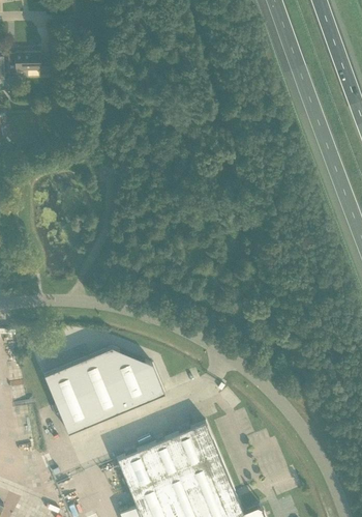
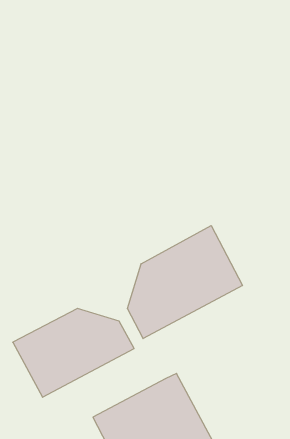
building: none -> [127,226,242,339]

